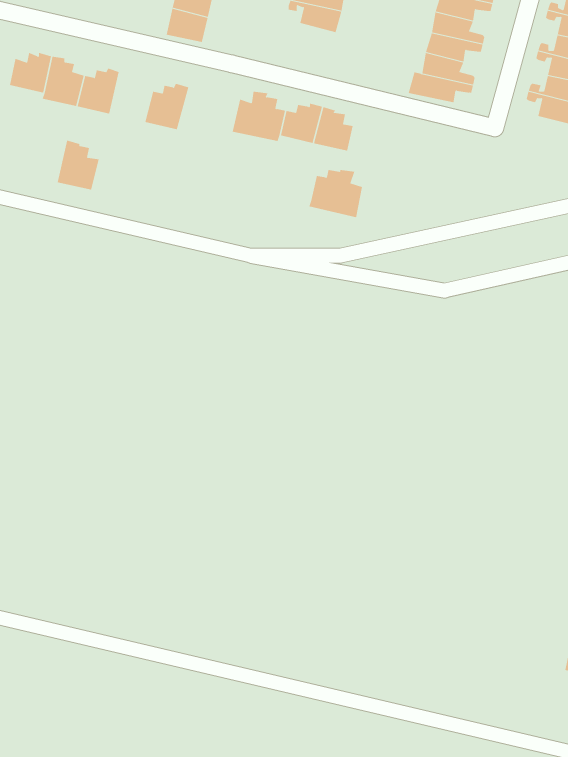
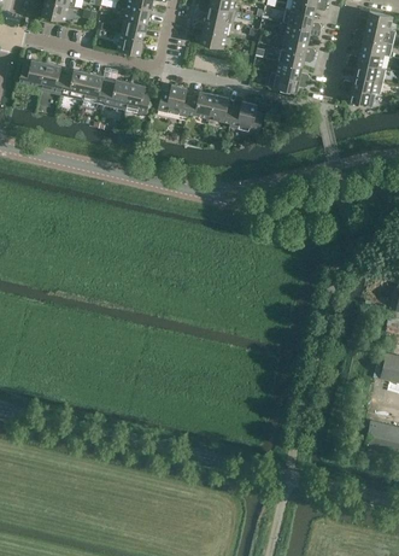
building: none -> [124,82,151,113]
building: [57,140,100,190] -> [82,72,108,104]
building: [309,170,363,218] -> [229,103,263,133]

